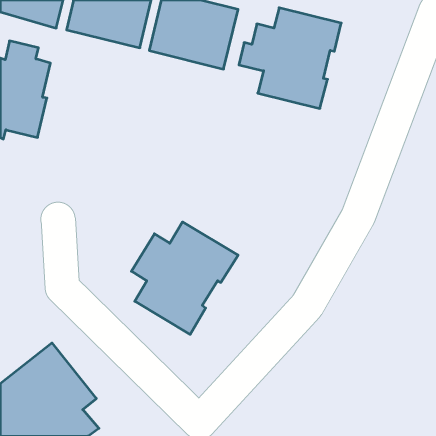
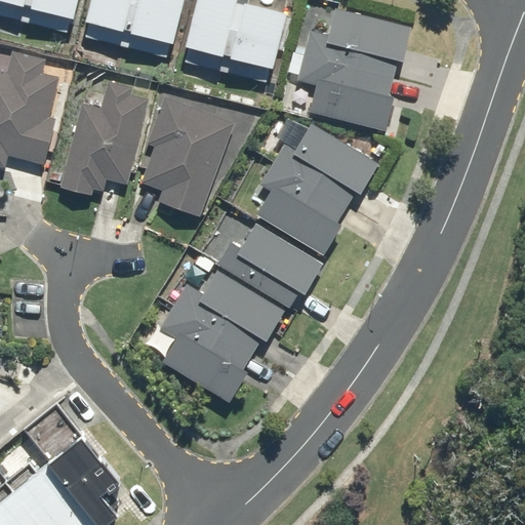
building: none -> [62,80,147,195]
building: none -> [139,96,235,215]
building: none -> [255,122,377,253]
building: none -> [216,223,322,308]

